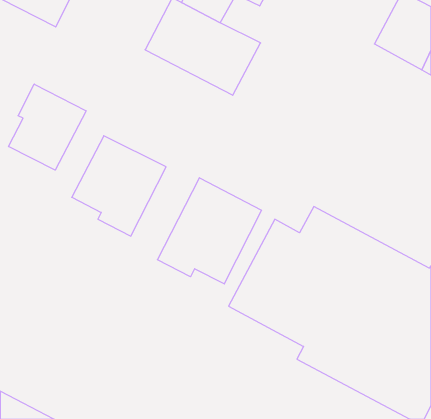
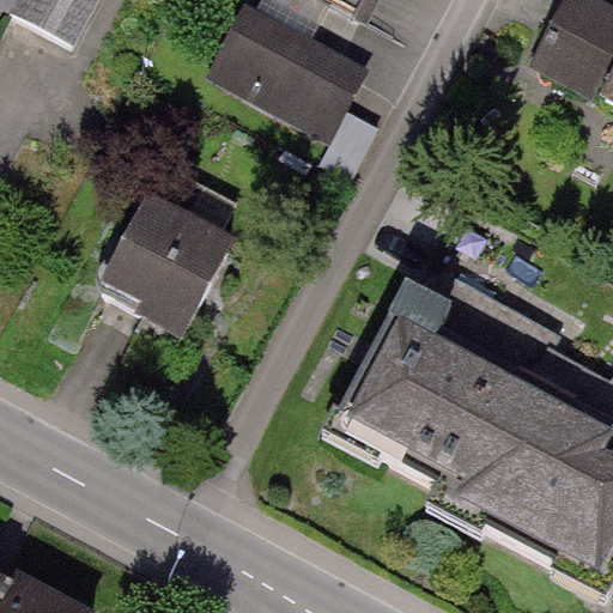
building: [9,84,86,170] -> none
building: [157,178,261,284] -> none

